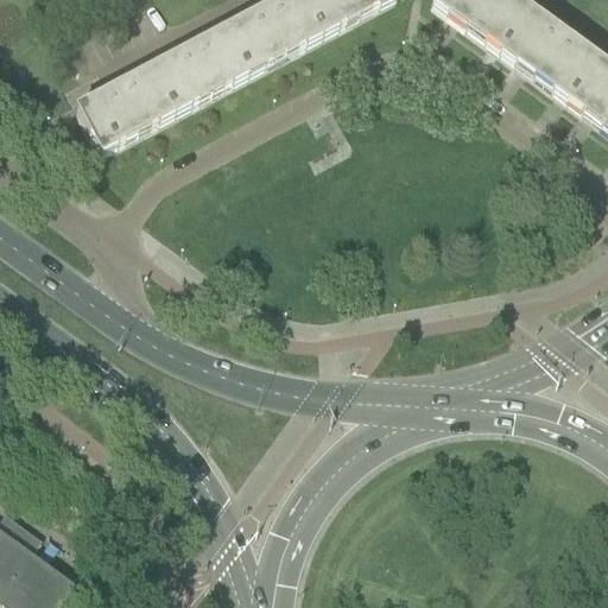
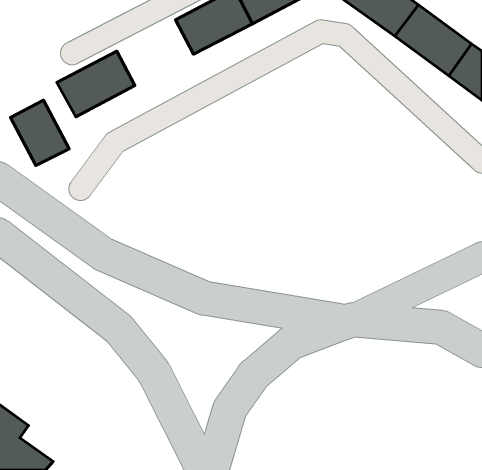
building: [146,25,242,107] -> none
building: none -> [11,100,69,166]

